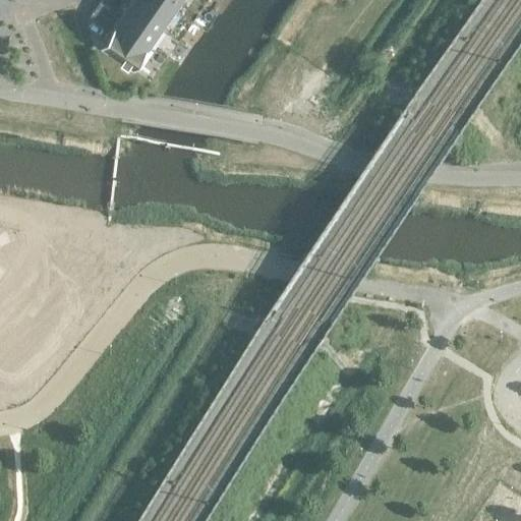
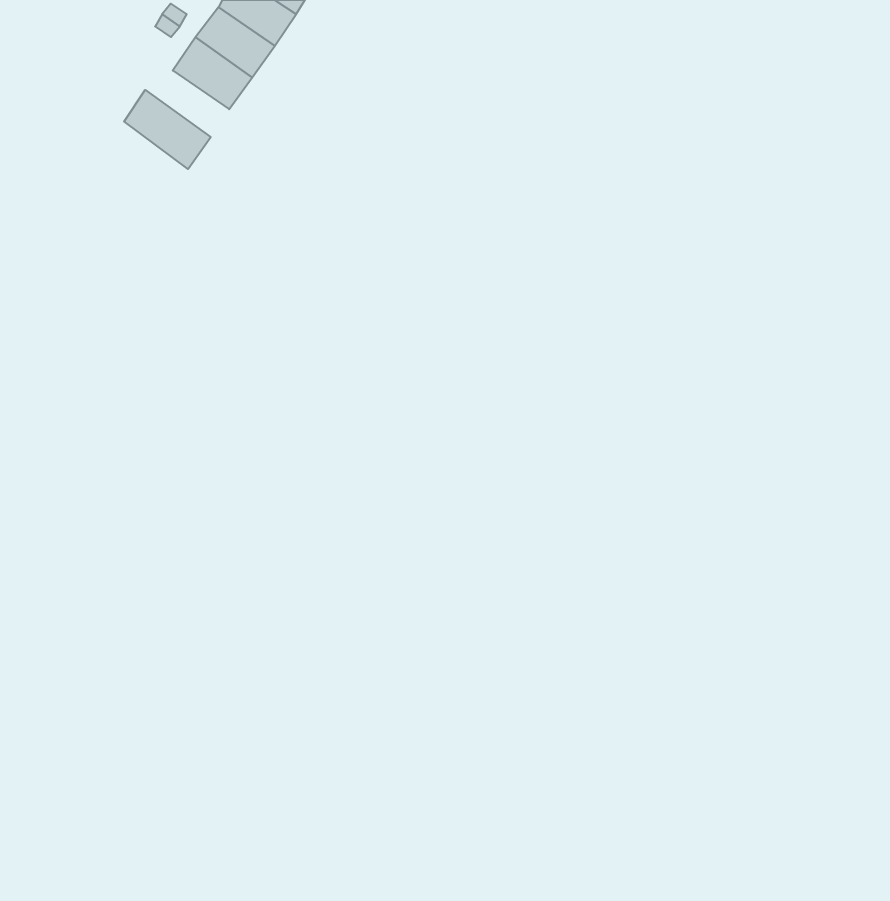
building: none -> [124,90,211,169]

